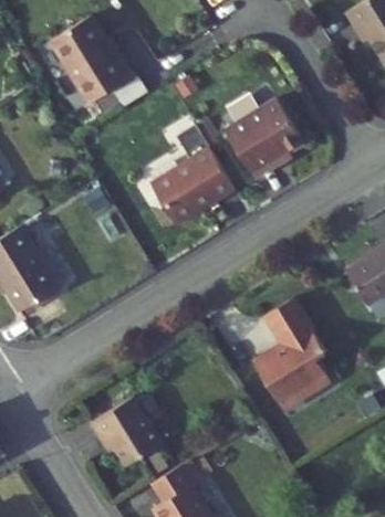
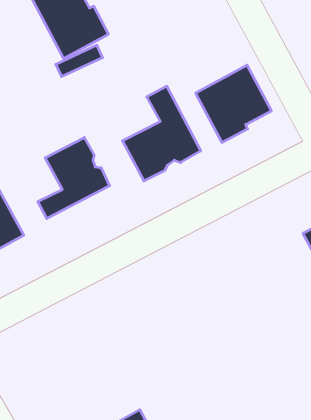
building: none -> [38,137,110,219]
building: [253,298,331,402] -> none
building: [90,395,162,466] -> none

